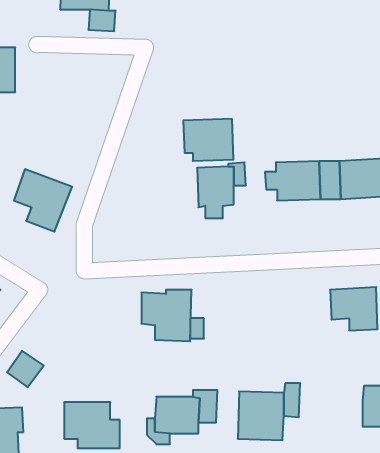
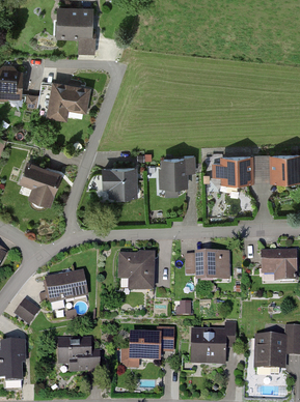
building: none -> [45,79,90,120]
building: [183,119,233,161] -> [100,166,138,198]
building: none -> [185,252,229,281]
building: none -> [43,268,89,305]
building: none -> [252,335,285,370]

